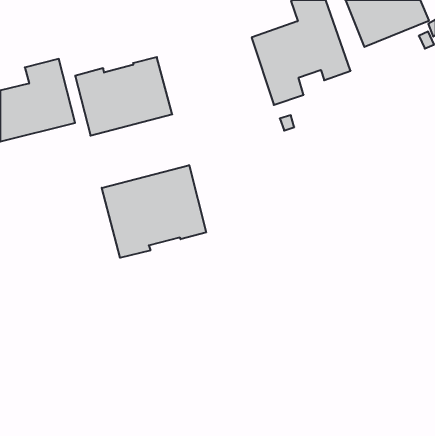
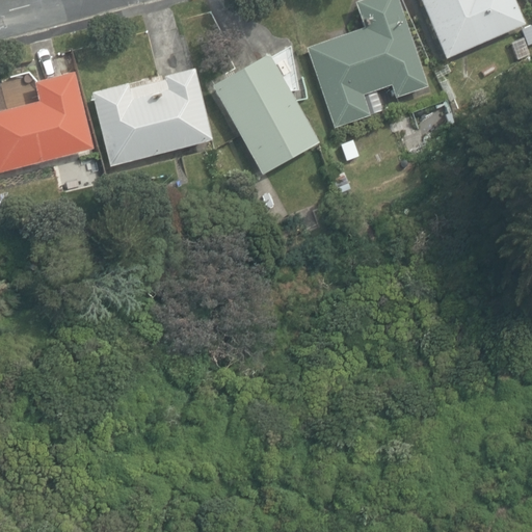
building: none -> [212,47,320,176]
building: [102,165,206,258] -> none

